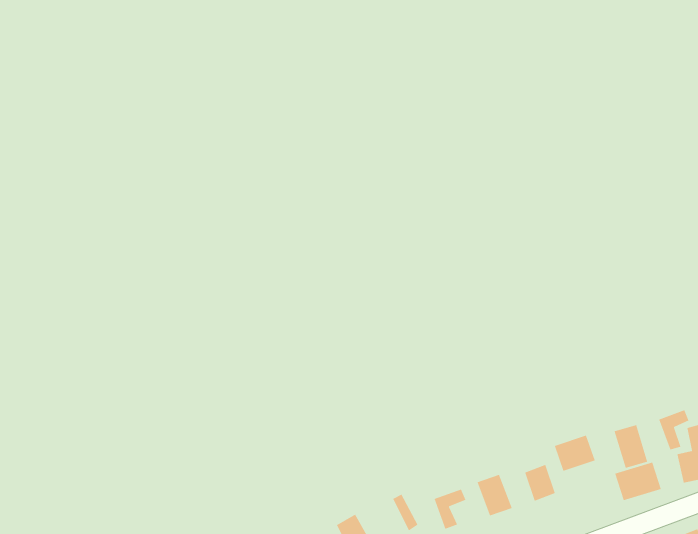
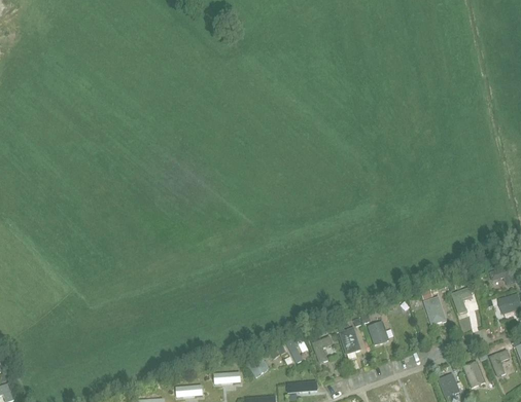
building: [554,435,596,472] -> none
building: [614,461,662,501] -> none

